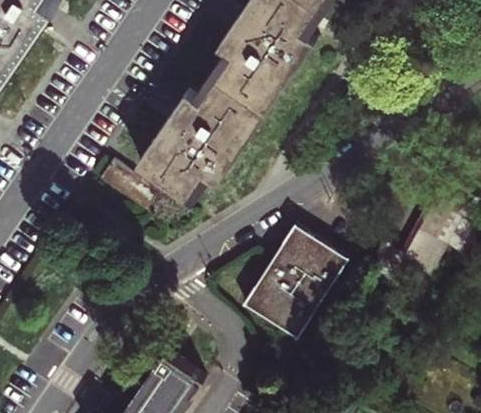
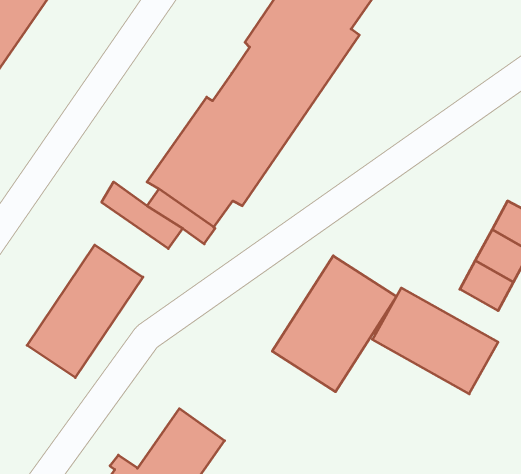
building: none -> [27,245,143,378]
building: none -> [372,288,498,394]

